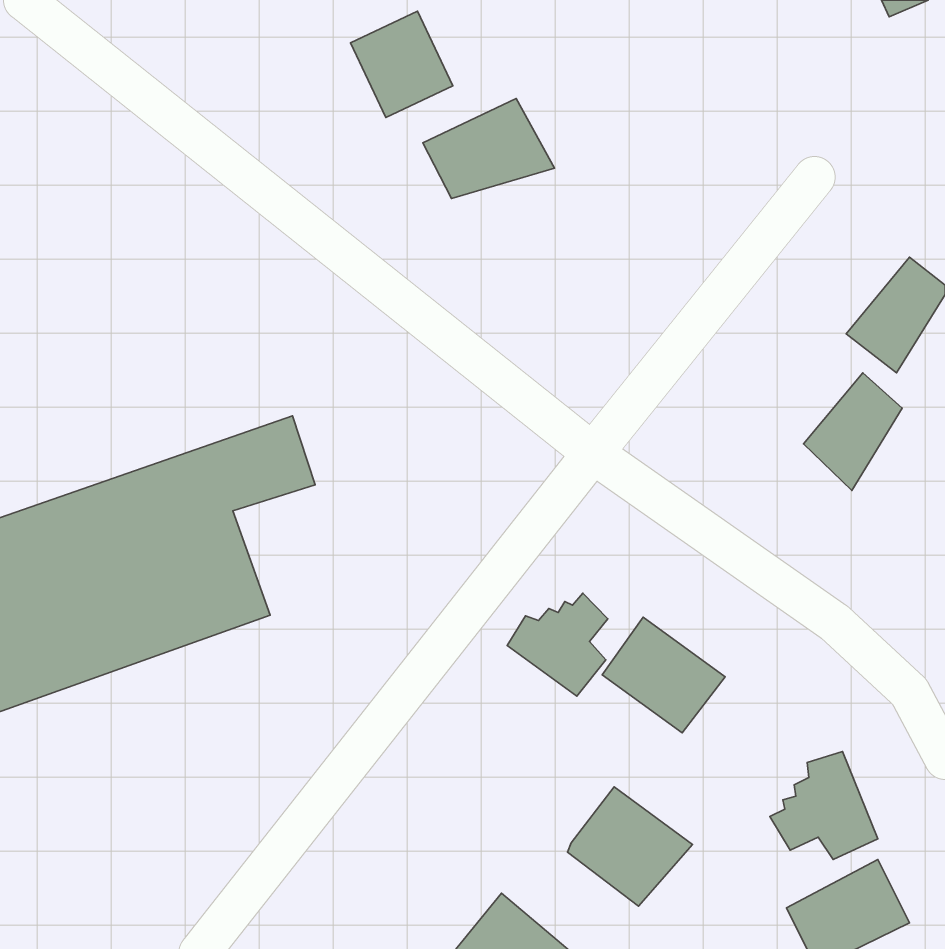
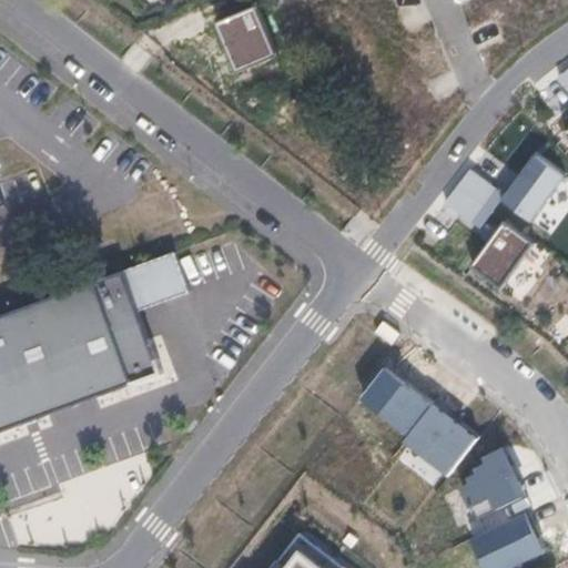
building: [423,99,555,198] -> none
building: none -> [445,173,494,223]
building: [507,593,608,696] -> none
building: [568,787,692,906] -> [404,405,478,476]

